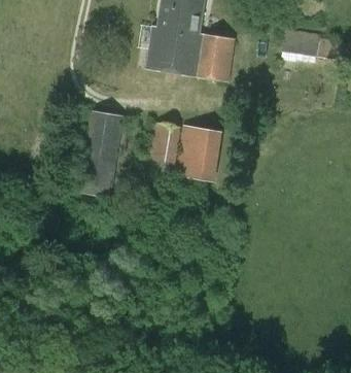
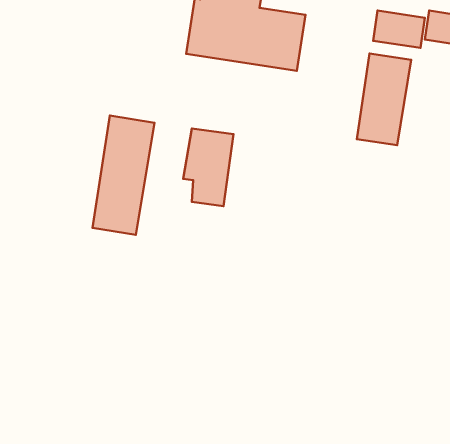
building: none -> [357,54,411,145]
building: [175,124,221,179] -> none

